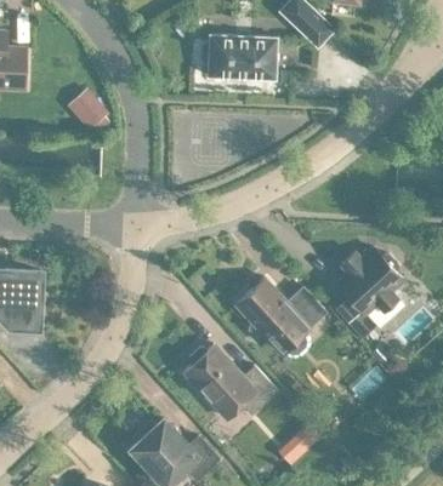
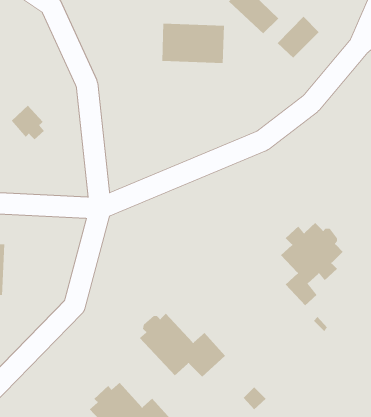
building: none -> [277,16,320,58]
building: [73,95,109,132] -> [11,105,45,140]
building: [234,278,324,354] -> none

